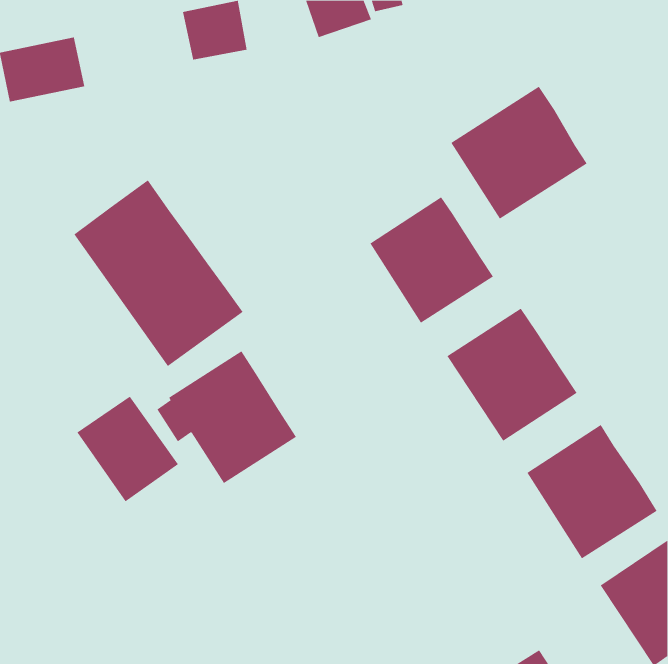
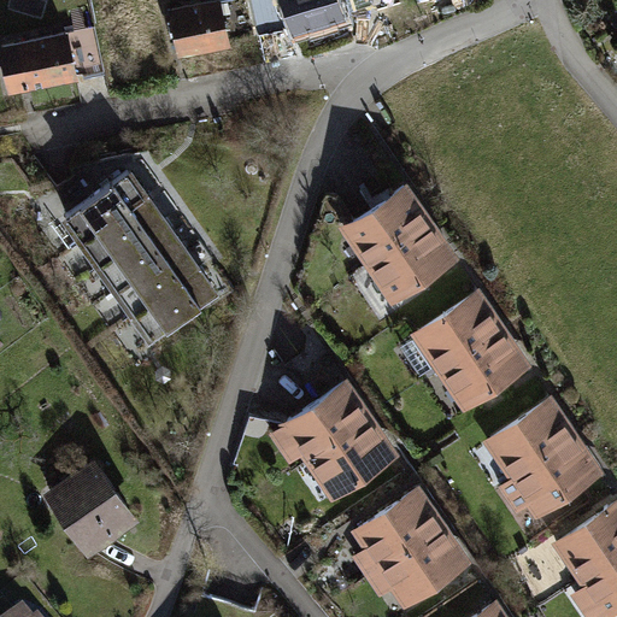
building: [450,86,588,219] -> none
building: [157,350,297,484] -> [269,378,398,501]
building: [77,396,179,502] -> [43,464,137,562]
building: none -> [351,488,471,611]

